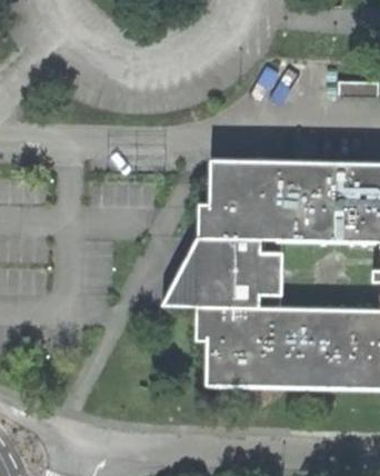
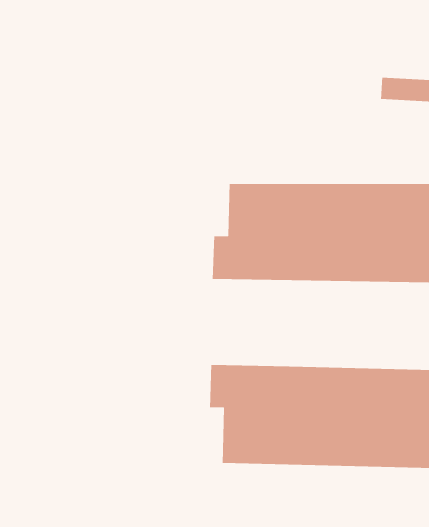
building: [166,238,286,306] -> none

